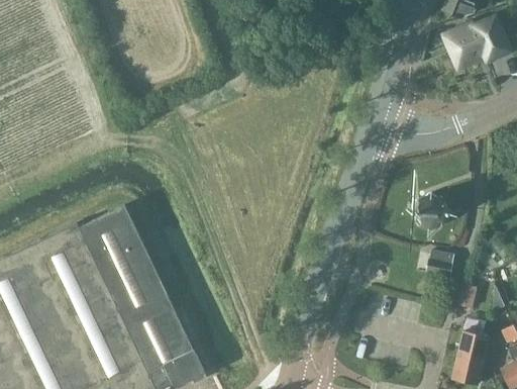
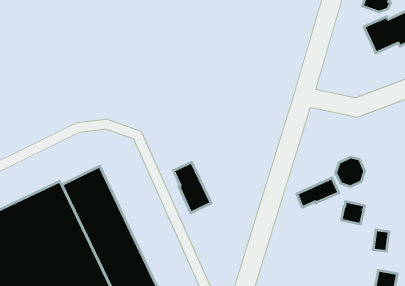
building: none -> [173,162,211,213]
building: none -> [297,178,339,207]

